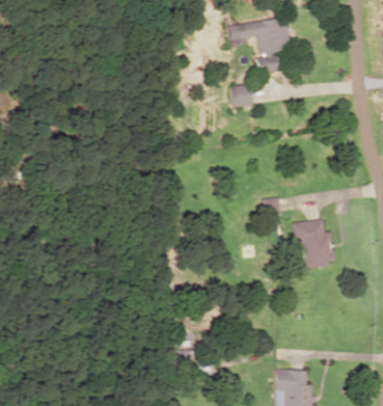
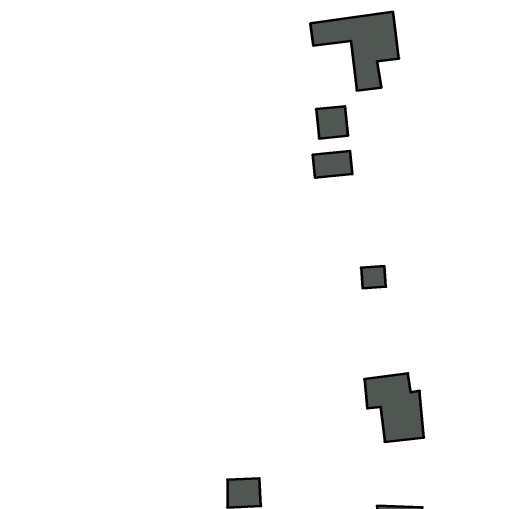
building: none -> [313,151,352,178]
building: [292,219,334,268] -> [364,373,424,442]

